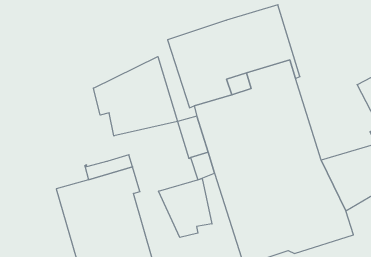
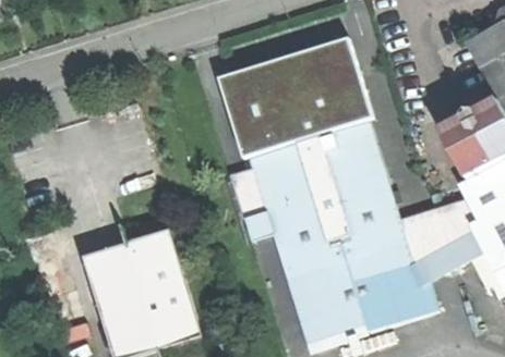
building: [93,57,178,136] -> none
building: [159,178,212,237] -> none

